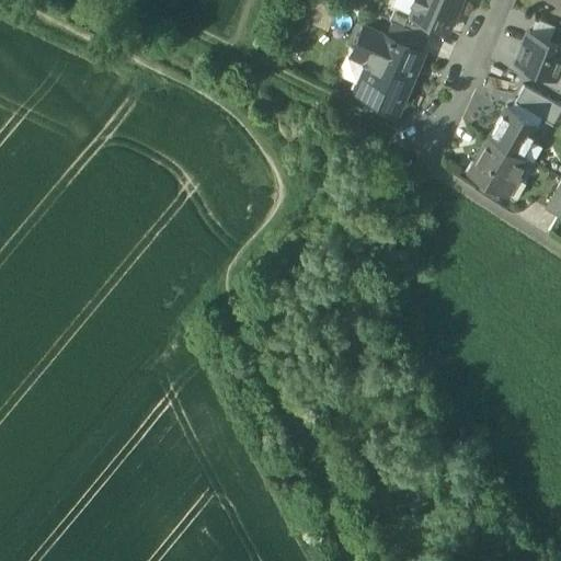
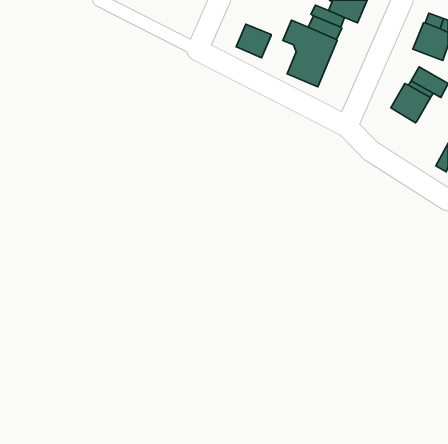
building: none -> [236,24,271,58]
building: [467,140,526,198] -> none

